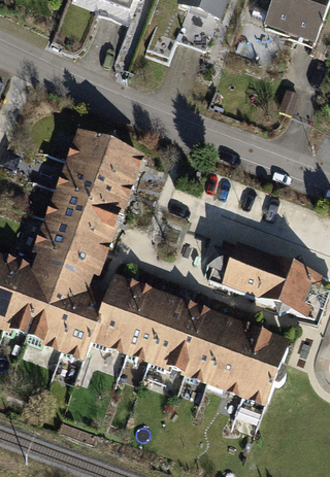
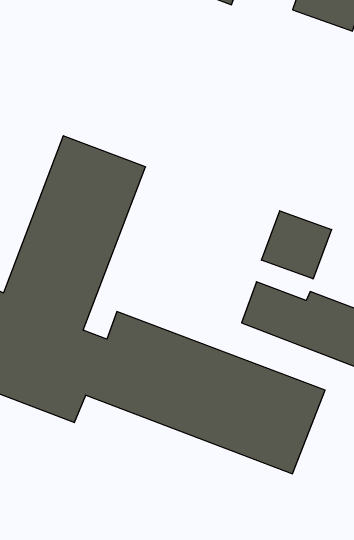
building: none -> [261,211,332,279]

